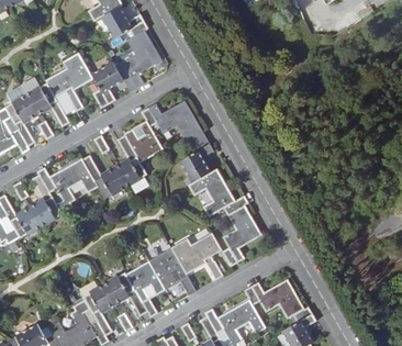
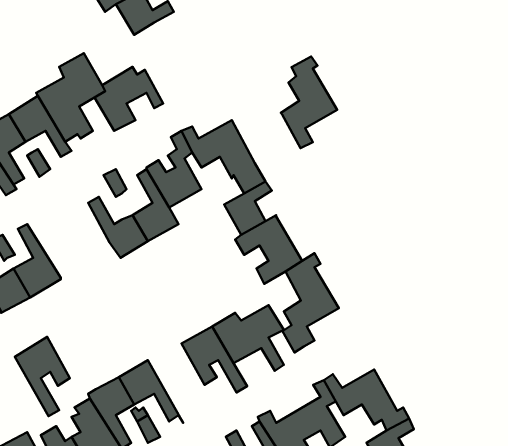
building: [121,22,161,88] -> [281,56,337,148]
building: [36,158,97,213] -> none
building: [125,260,165,317] -> [15,337,70,416]

